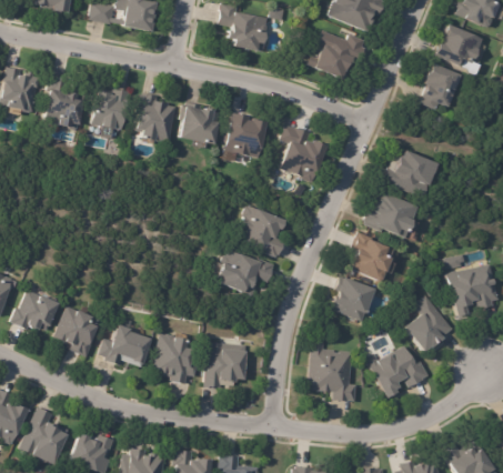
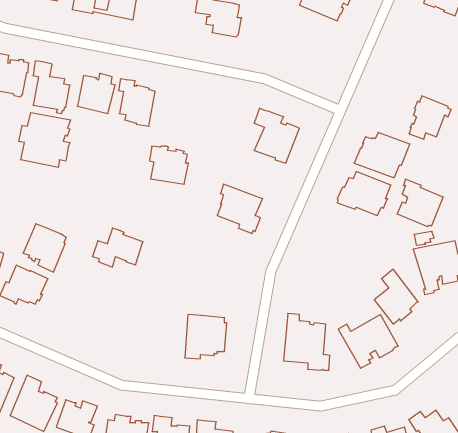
building: [434,22,483,67] -> none
building: [310,30,368,79] -> none
building: [421,63,465,109] -> [409,96,451,139]
building: [181,103,222,143] -> [150,146,189,184]
building: [227,112,270,157] -> none
building: none -> [19,113,70,167]
building: [351,231,400,281] -> [397,179,443,227]
building: [215,249,275,298] -> none
building: [334,276,379,321] -> none
building: [53,305,99,356] -> [23,224,66,272]
building: [95,325,149,366] -> [92,228,143,267]
building: [152,333,199,383] -> none

